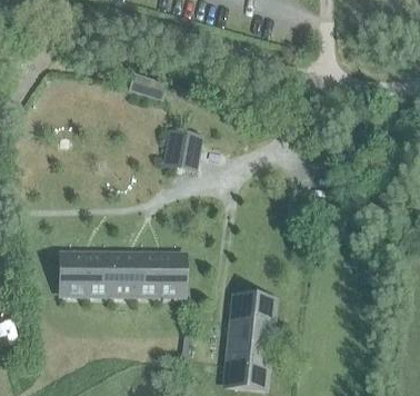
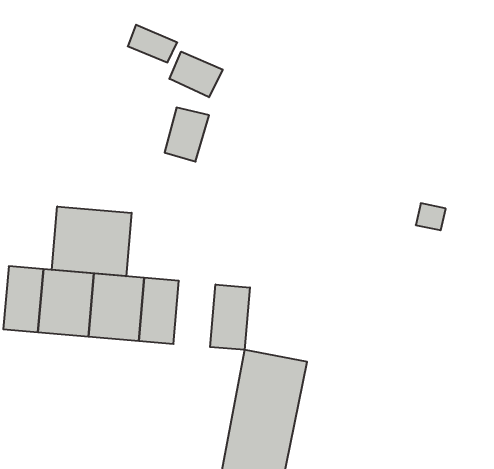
building: none -> [169,52,223,97]
building: none -> [52,206,132,276]
building: none -> [210,284,250,350]

